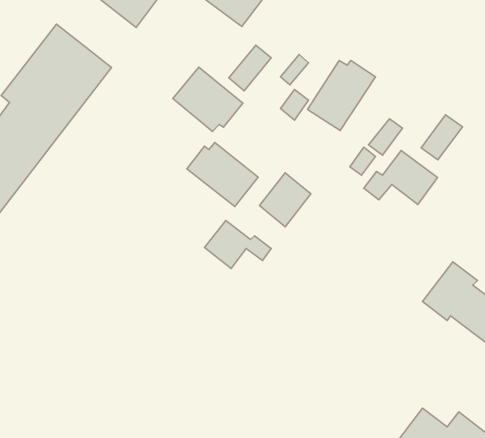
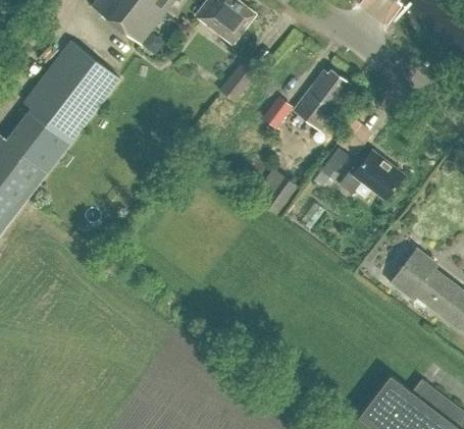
building: [173,67,243,132] -> none
building: [421,115,462,160] -> none
building: [187,143,258,206] -> none
building: [204,220,271,269] -> none

